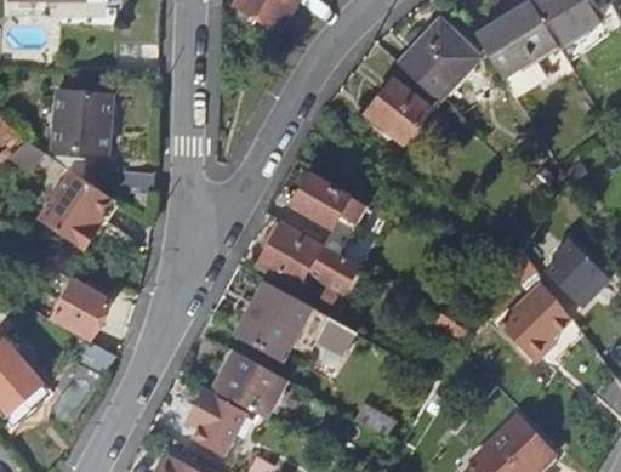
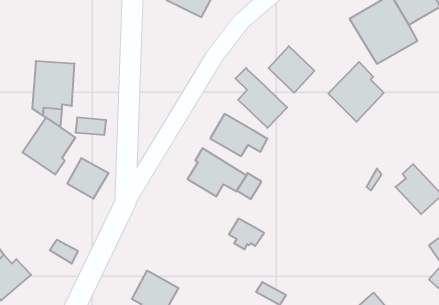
building: [406,18,483,101] -> [328,62,384,122]
building: none -> [235,68,287,128]
building: [237,277,314,356] -> none
building: [497,282,570,362] -> none
building: [47,285,104,341] -> [67,158,109,199]
building: [210,341,287,411] -> none

